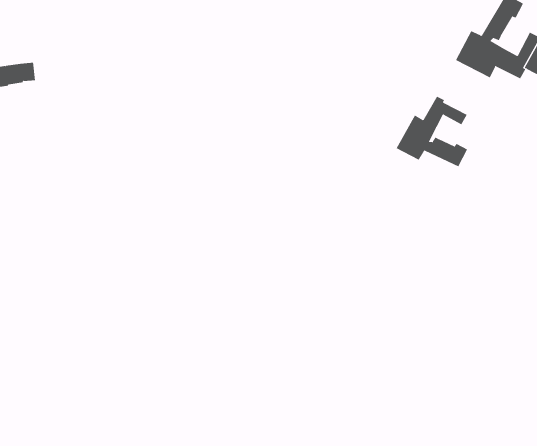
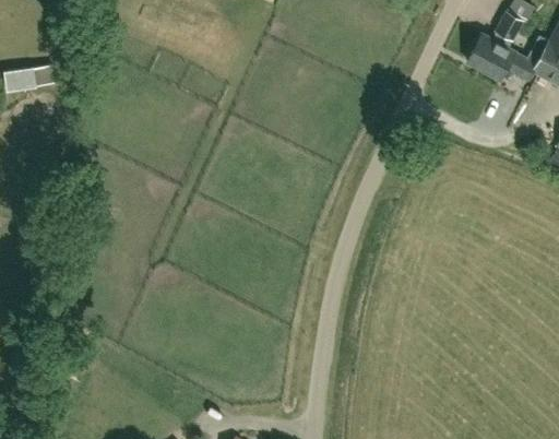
building: [396,96,468,167] -> none

